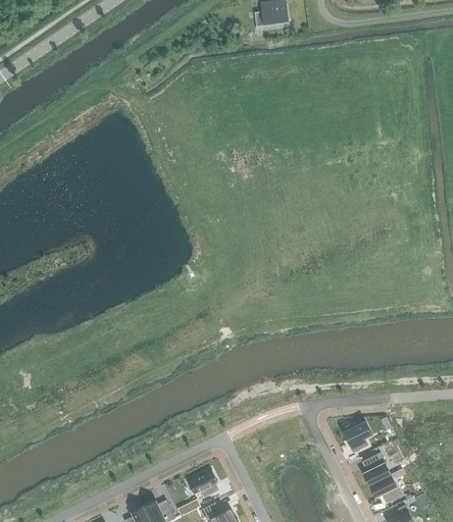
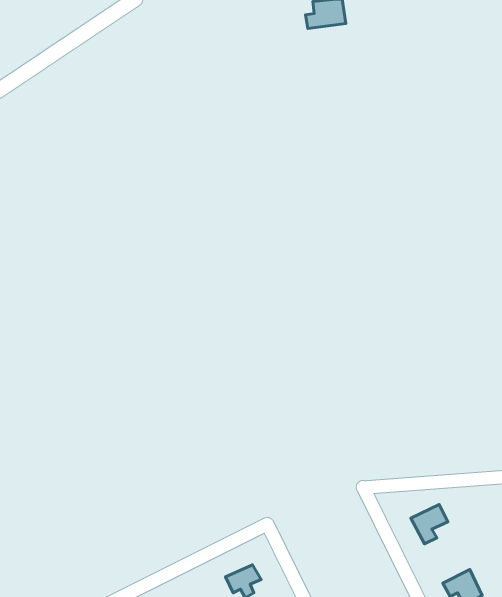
building: [364,453,392,485] -> none

